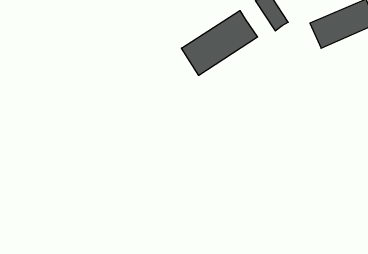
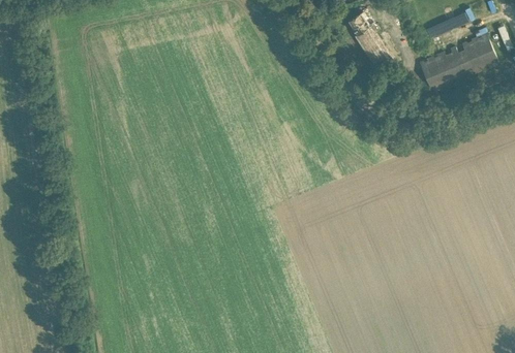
building: [181,11,258,75] -> none

